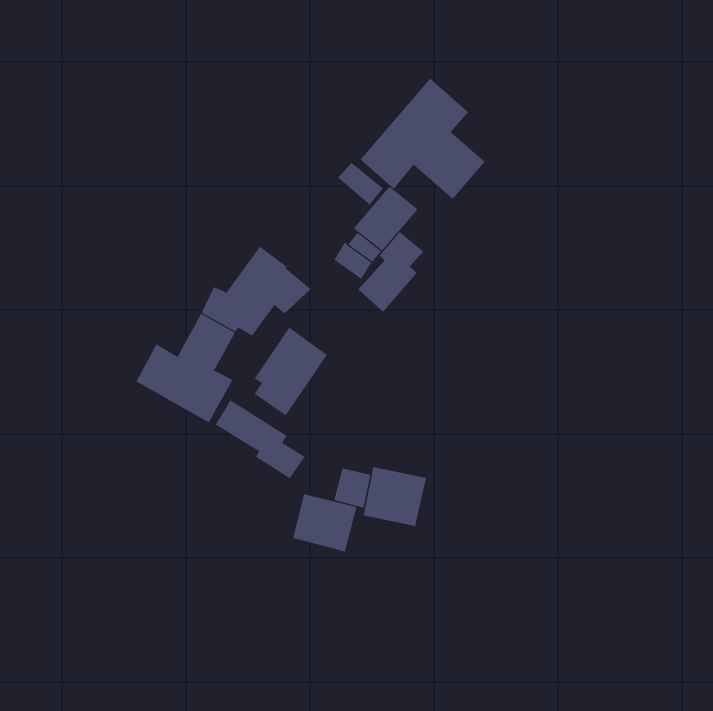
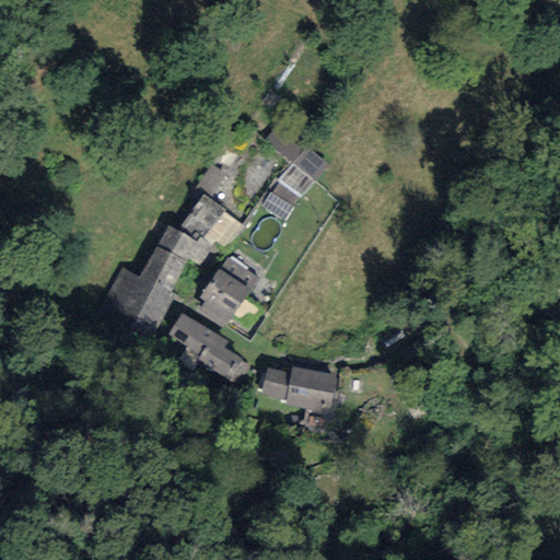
building: [360,78,486,200] -> none
building: [357,231,424,312] -> none
building: [293,494,357,553] -> none

